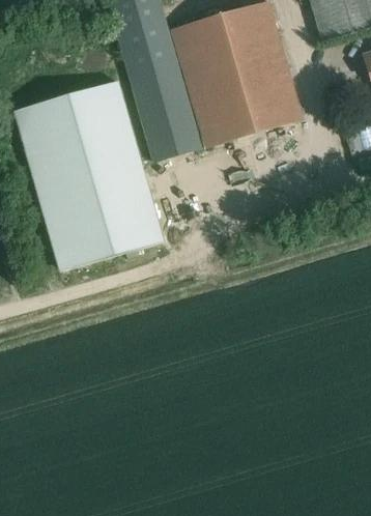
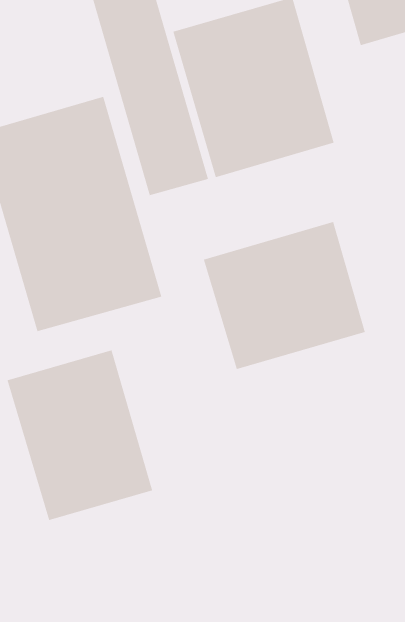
building: none -> [203,221,366,370]
building: none -> [7,349,153,521]

